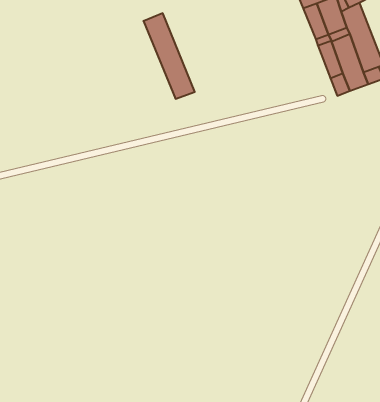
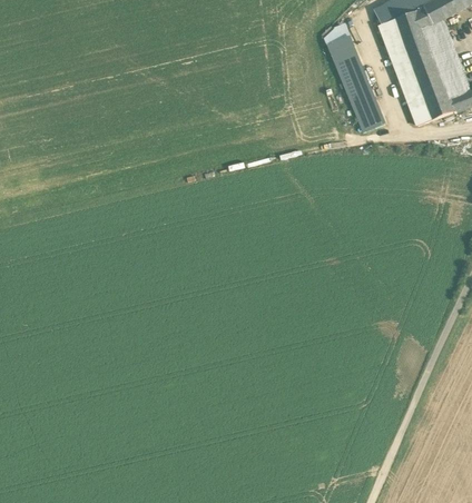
building: [143,13,195,99] -> [326,33,385,131]

